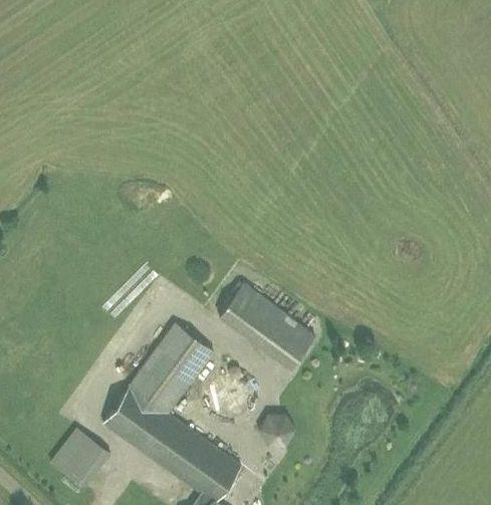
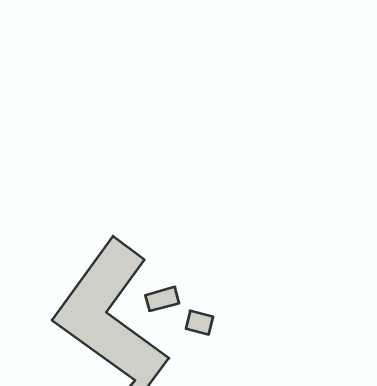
building: [219,284,315,369] -> none
building: [53,430,109,487] -> none

